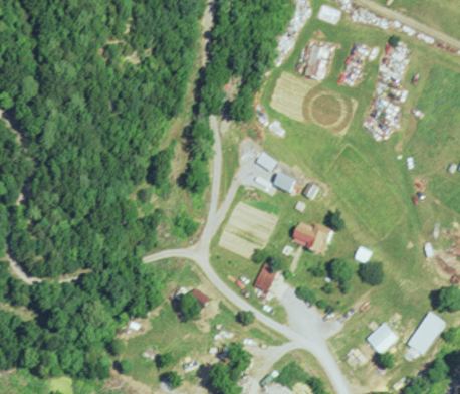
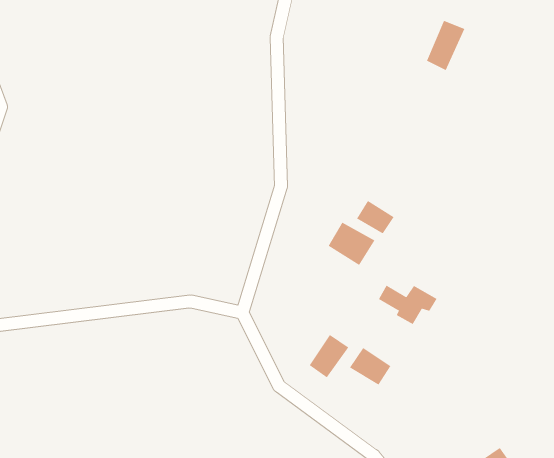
building: none -> [328,222,375,266]
building: none -> [349,347,391,386]

